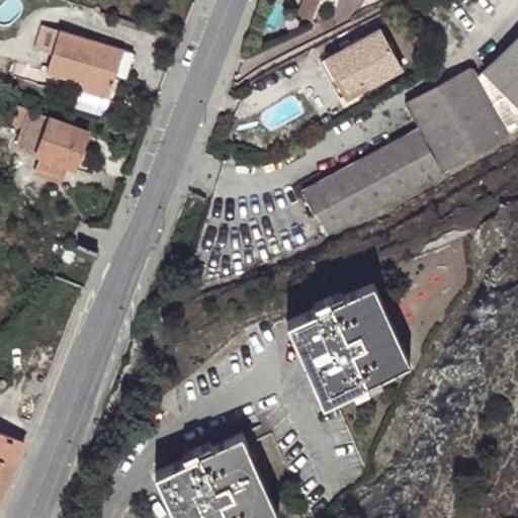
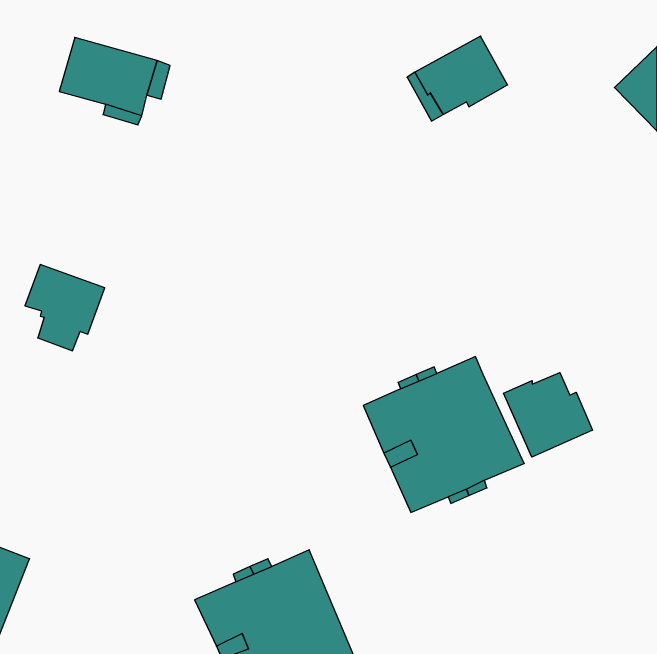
building: [301,70,507,237] -> none
building: [25,114,88,182] -> [25,265,105,351]
building: none -> [503,373,592,457]

